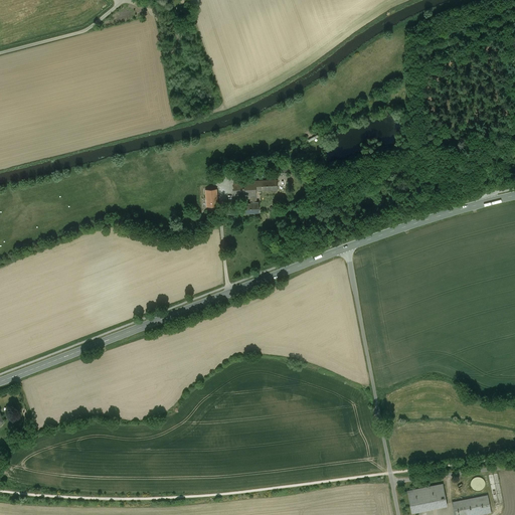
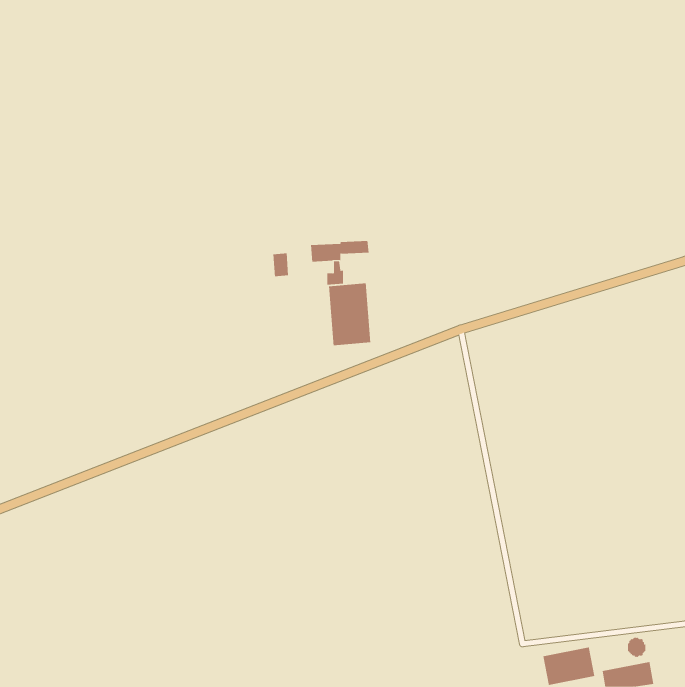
building: none -> [329,282,371,346]

